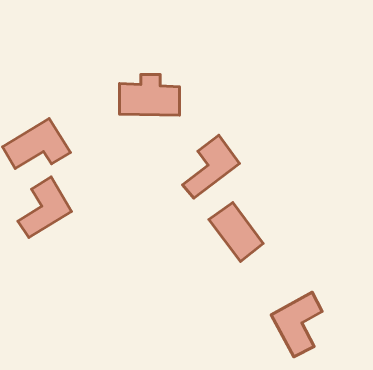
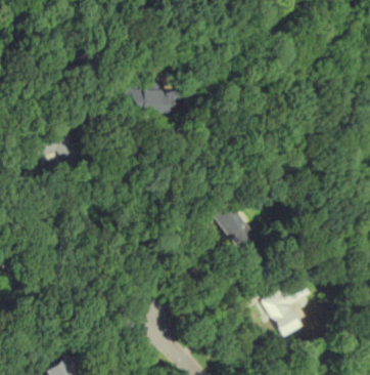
building: [183,135,239,198] -> none
building: [18,177,71,238] -> none

